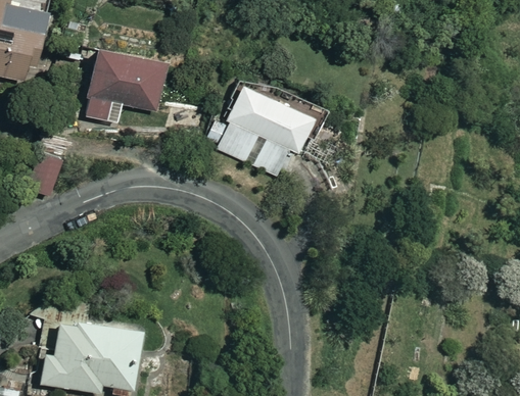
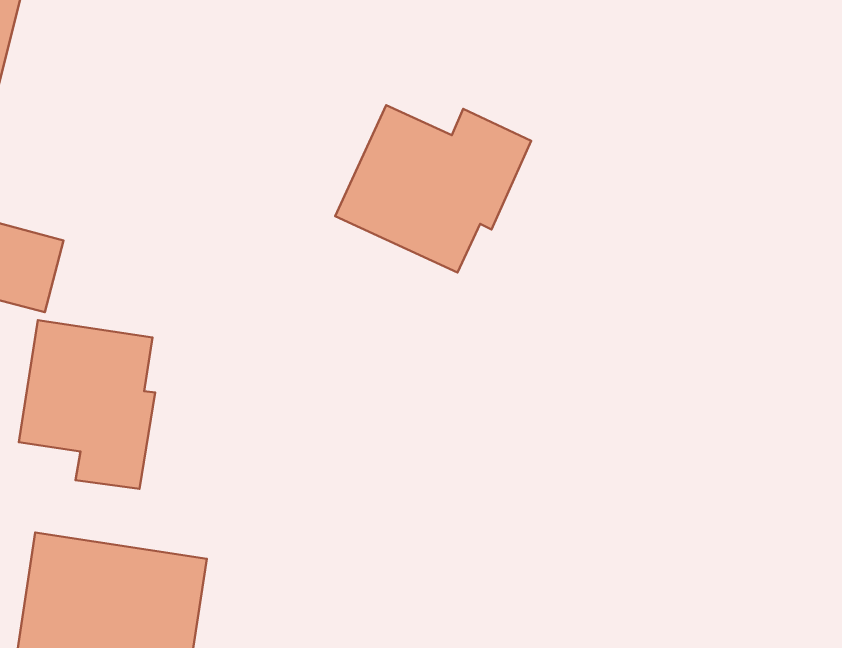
building: [80,47,169,126] -> none
building: none -> [19,320,155,489]

